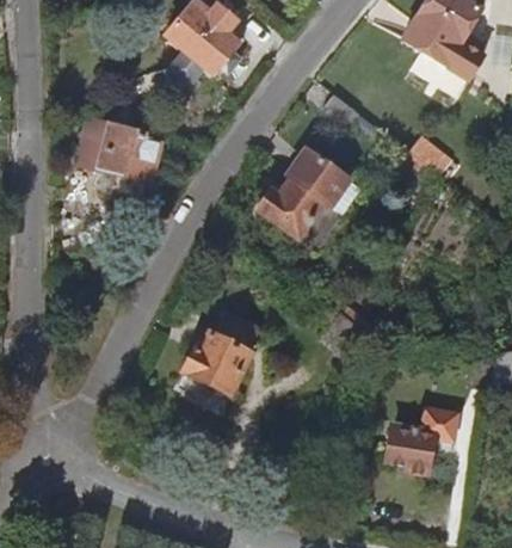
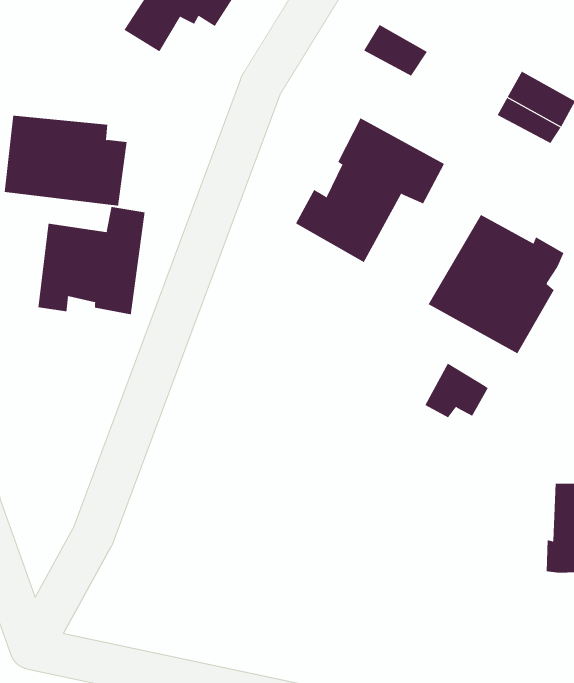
building: none -> [38,206,145,315]
building: none -> [428,214,564,354]
building: [185,328,252,390] -> none

